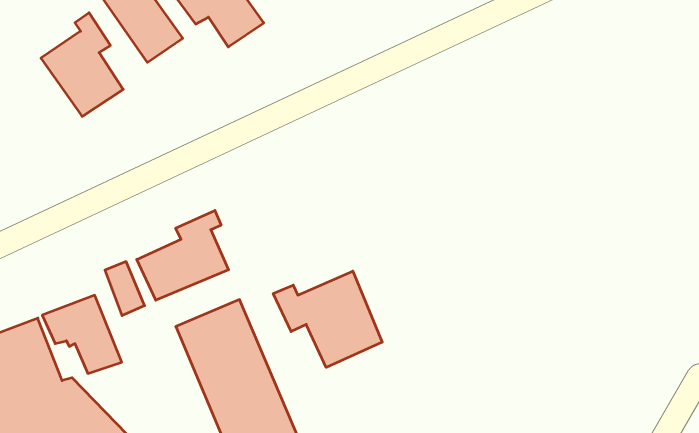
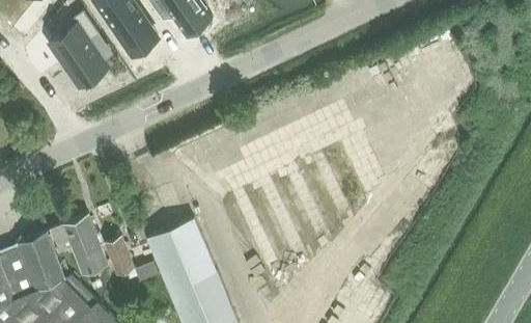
building: [137,210,229,300] -> none
building: [105,262,145,316] -> [105,239,134,278]
building: [273,271,382,367] -> none

